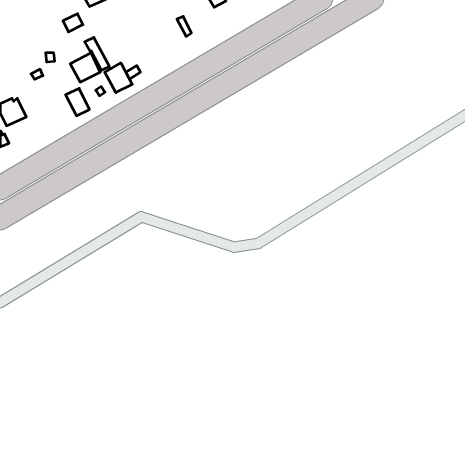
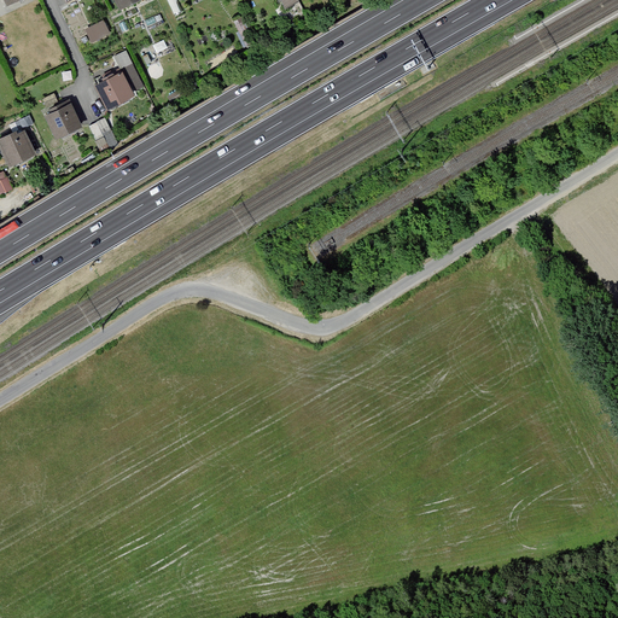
building: [105,63,132,93] -> none
building: none -> [42,100,82,140]

